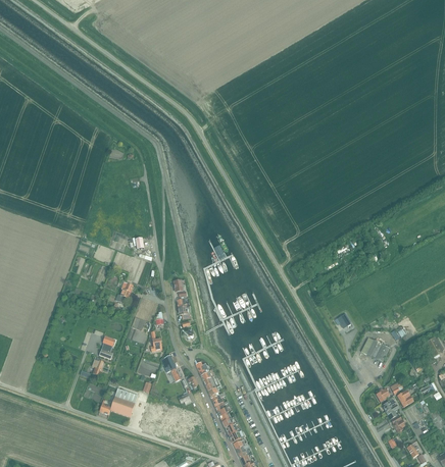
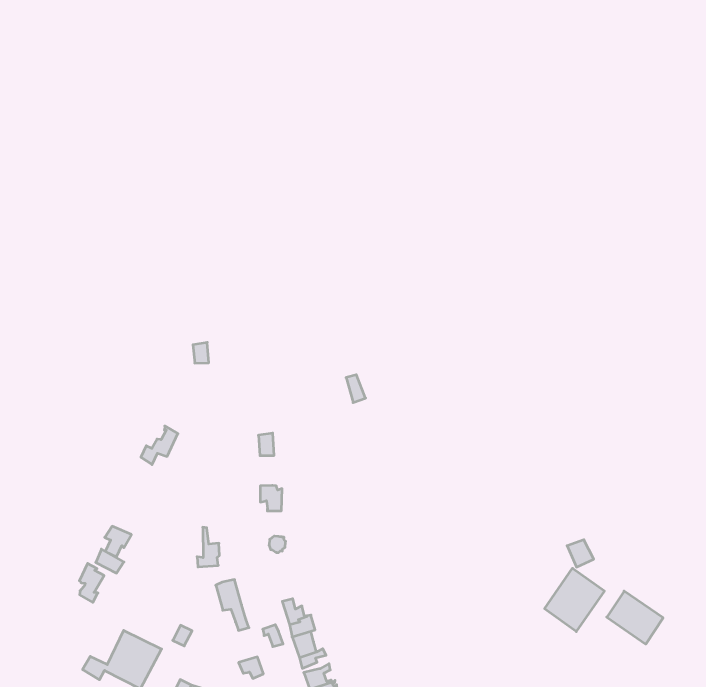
building: none -> [545,568,604,632]

